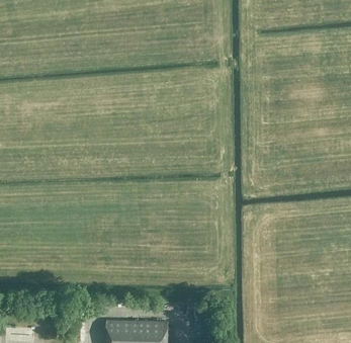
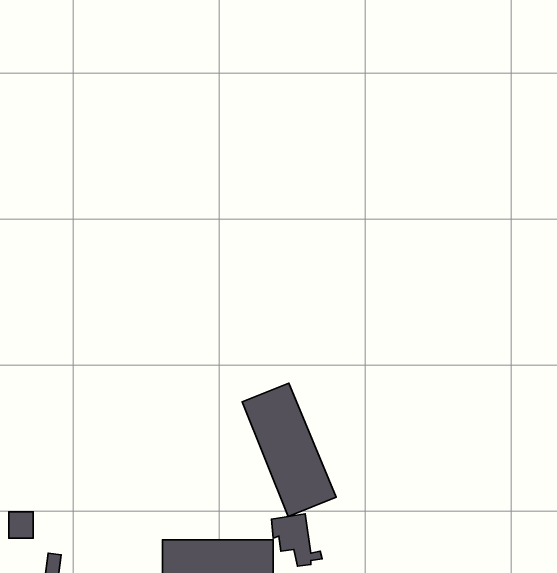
building: none -> [242,383,336,517]

